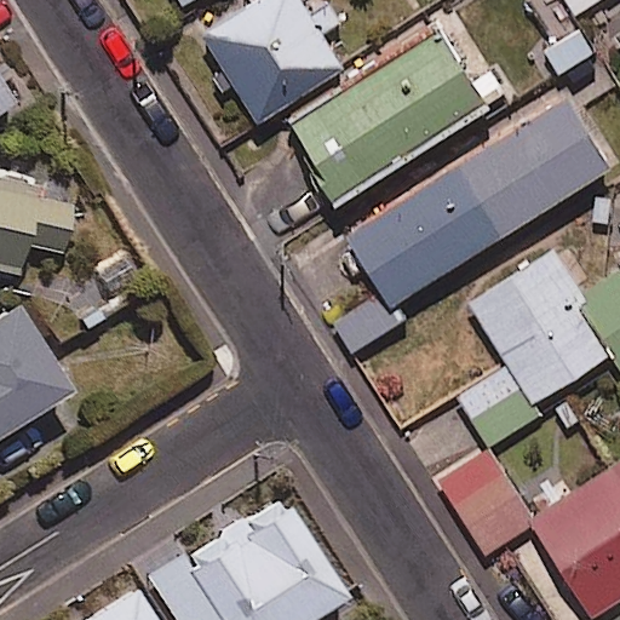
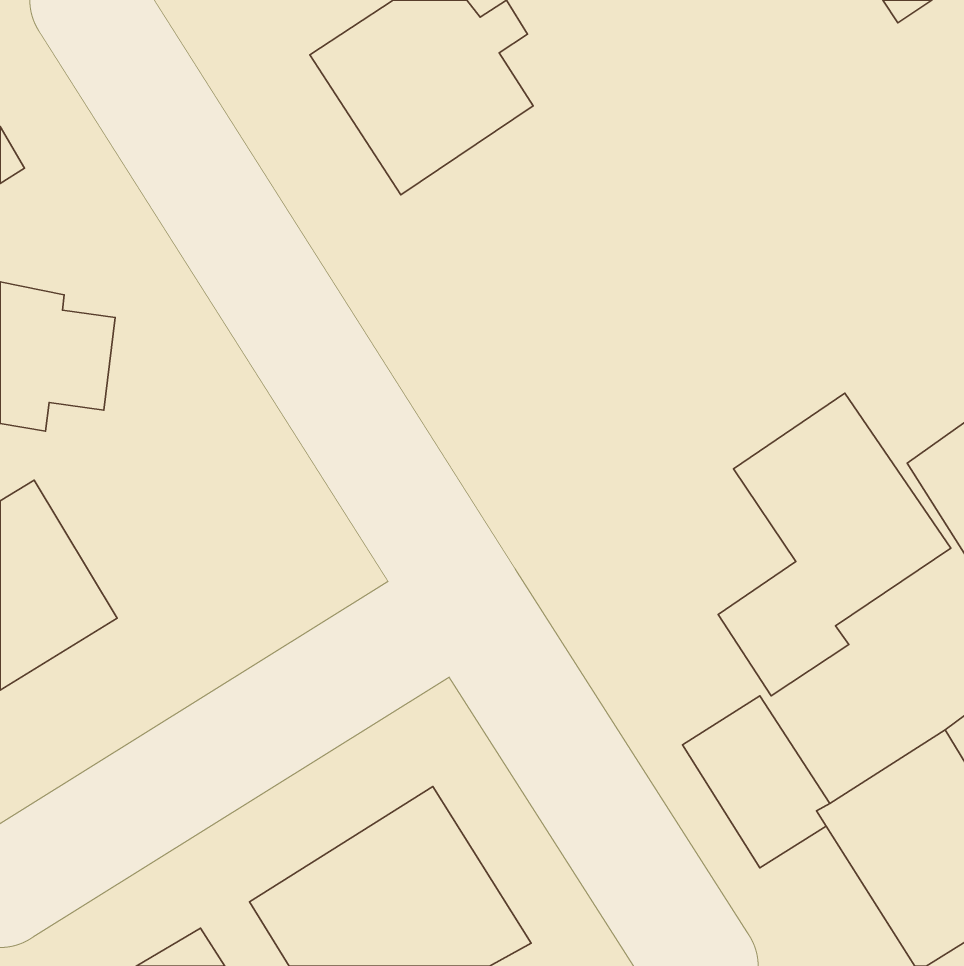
building: [287,33,505,202] -> none
building: [337,99,608,354] -> none

